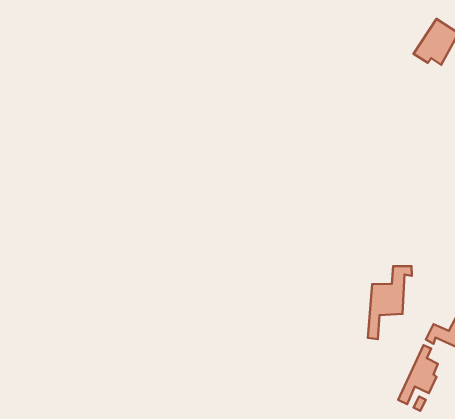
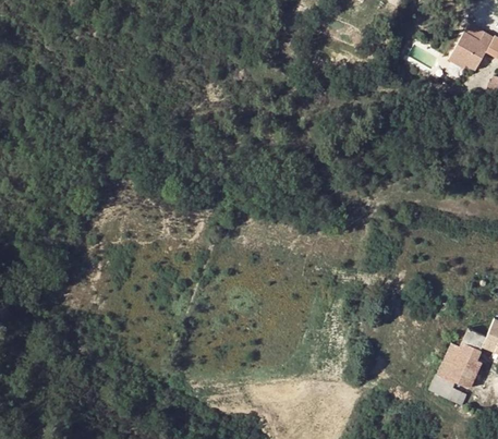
building: [368,266,412,339] -> none

